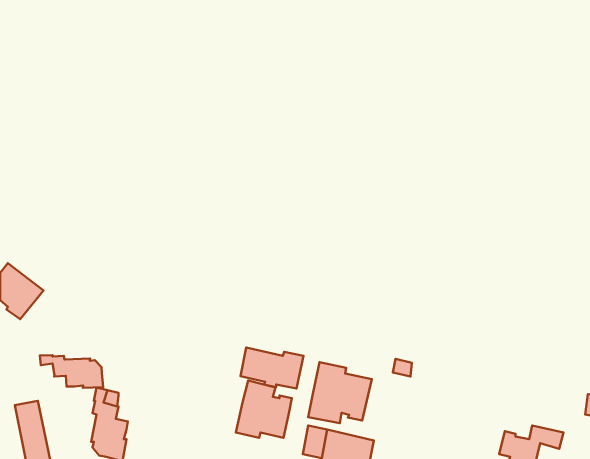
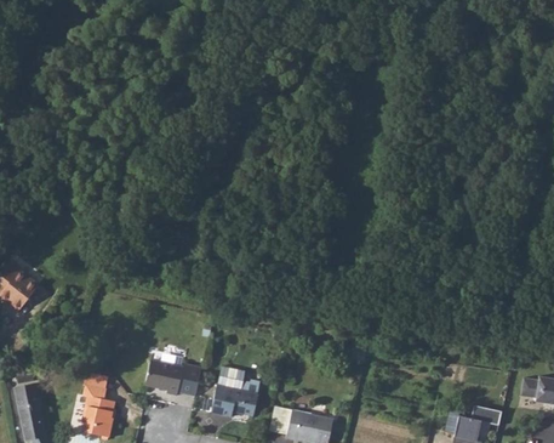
building: [241,348,303,389] -> [145,359,201,396]
building: [40,355,103,388] -> none
building: [308,362,372,423] -> none

